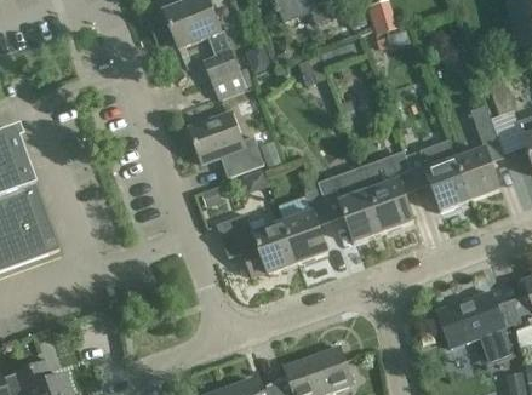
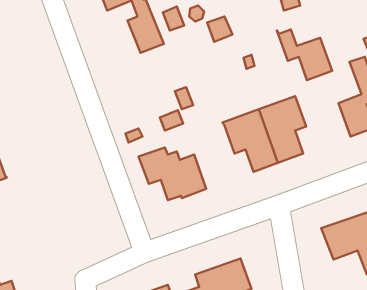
building: [189,111,264,178] -> none
building: [405,150,471,211] -> [277,30,332,80]
building: [284,187,332,263] -> none

